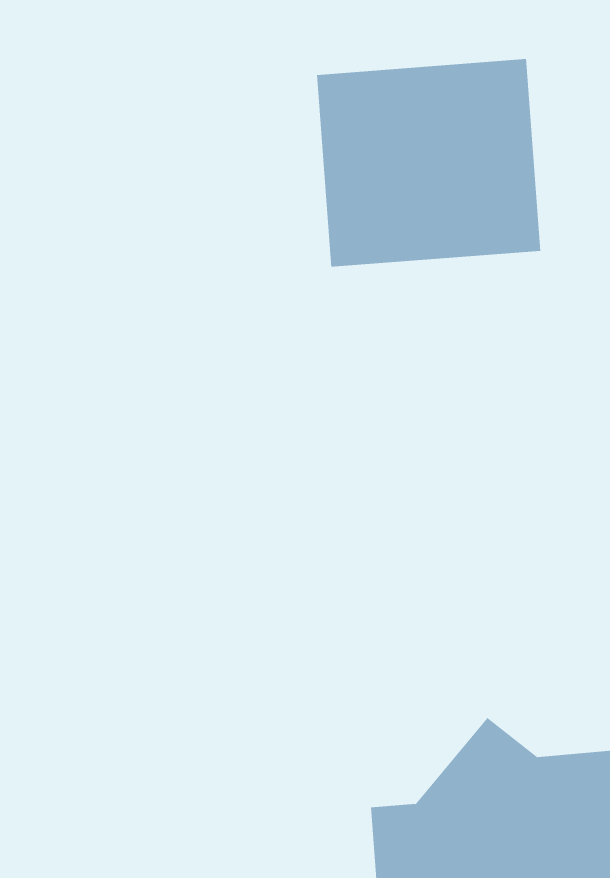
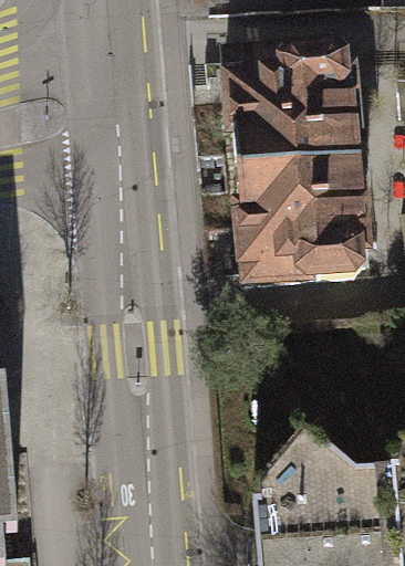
building: none -> [230,159,370,287]

